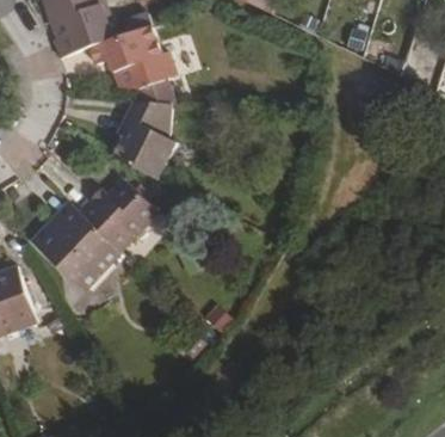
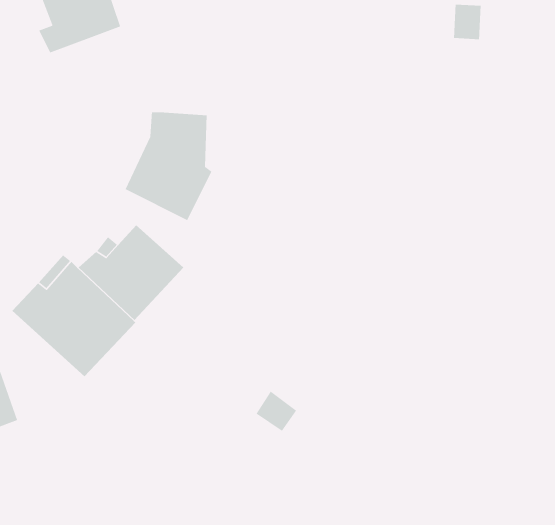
building: [91,24,177,101] -> none

